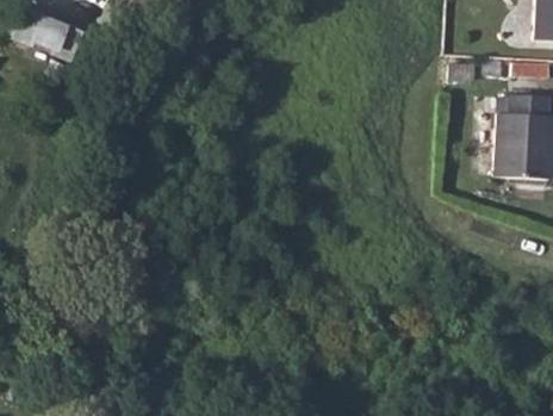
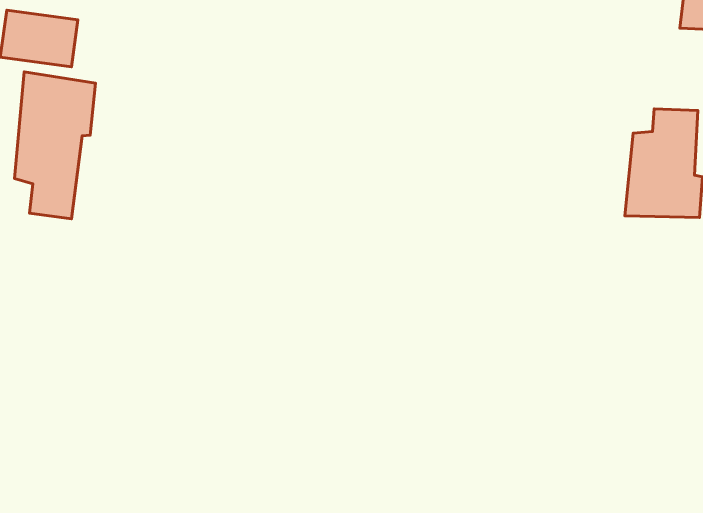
building: none -> [15,72,95,219]

